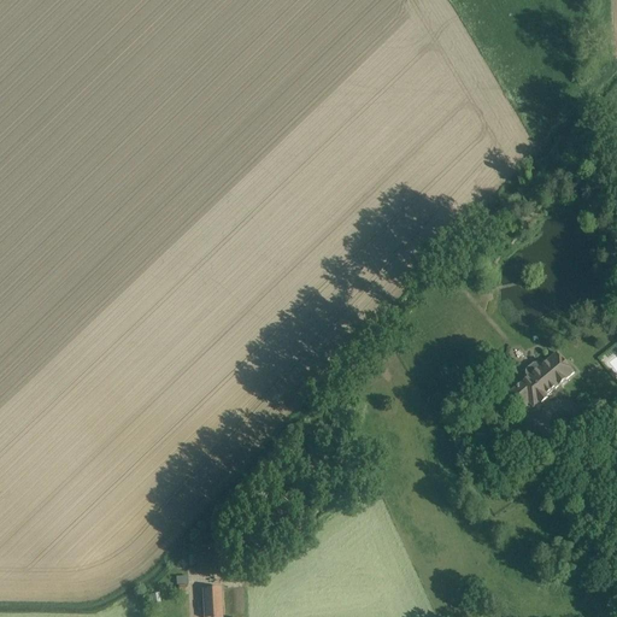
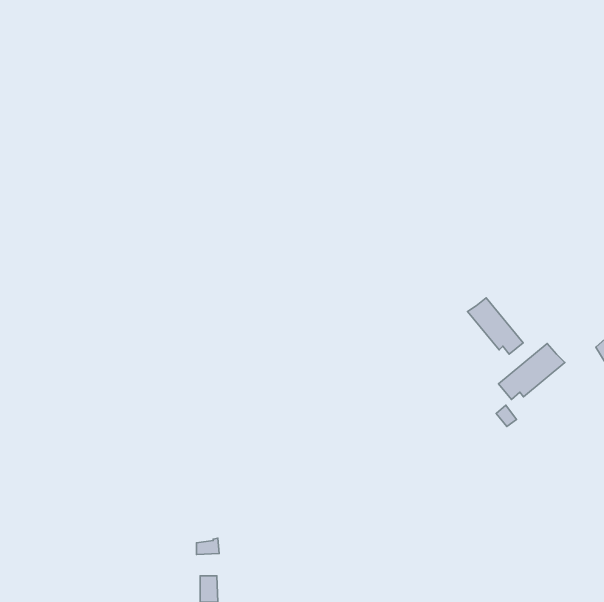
building: none -> [467,298,523,354]

